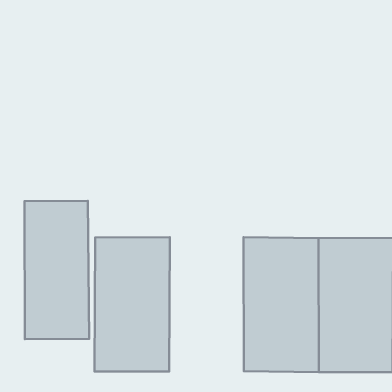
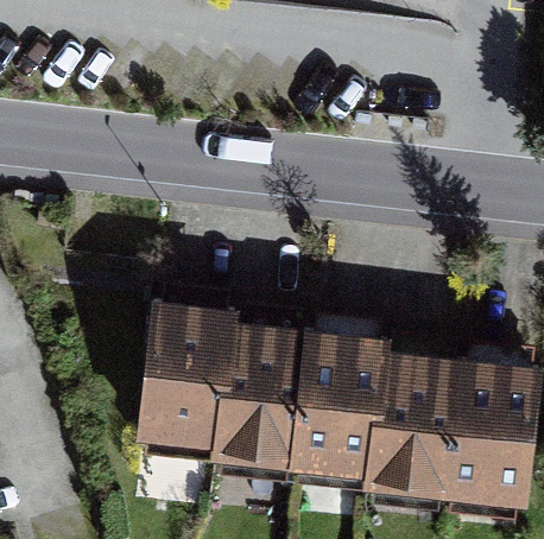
building: [24,201,89,339] -> none
building: none -> [210,321,309,474]

